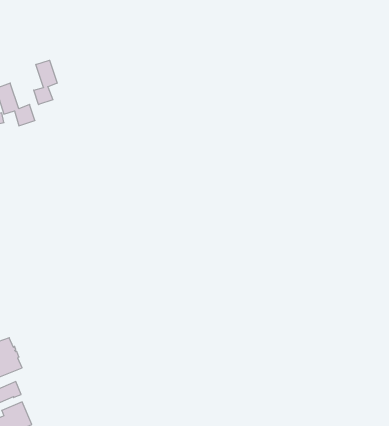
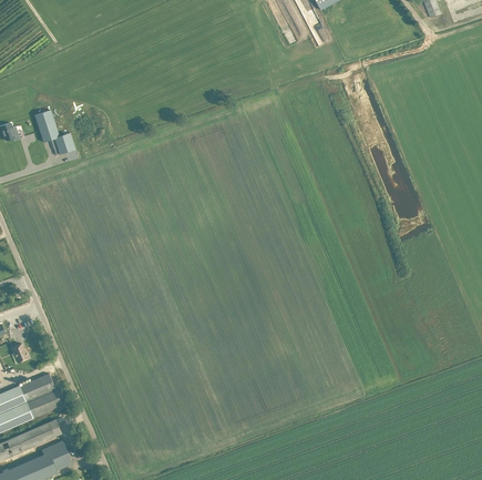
building: [34,60,57,105] -> none

